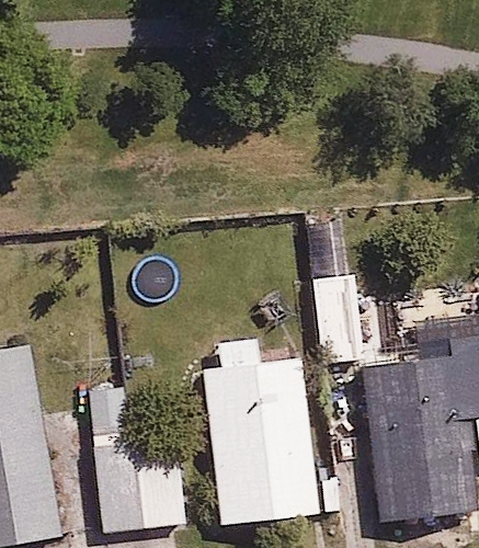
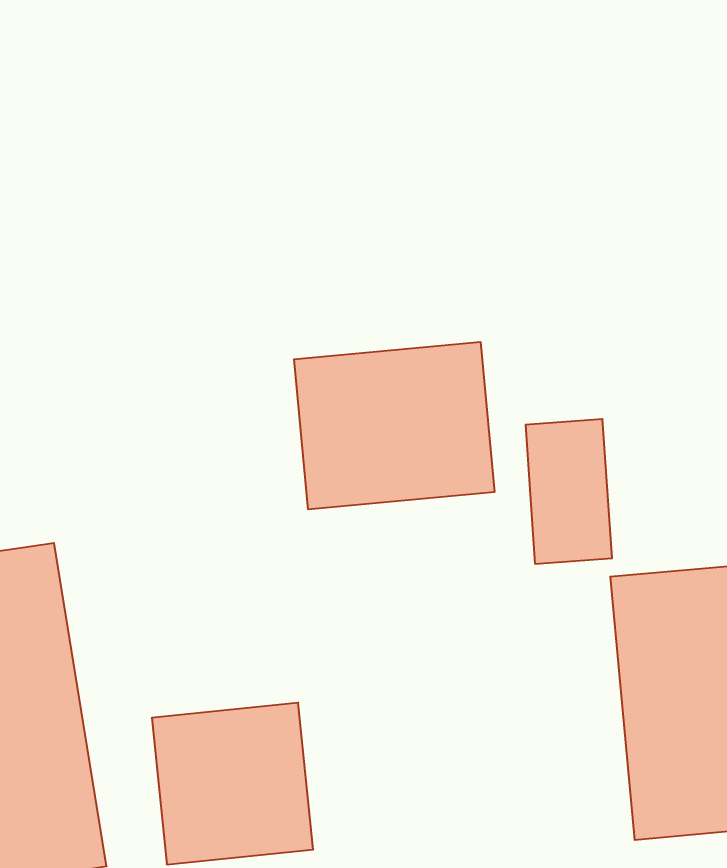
building: none -> [294,342,494,509]
building: [204,344,317,524] -> none

